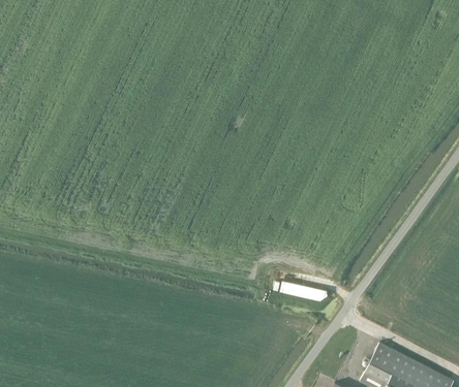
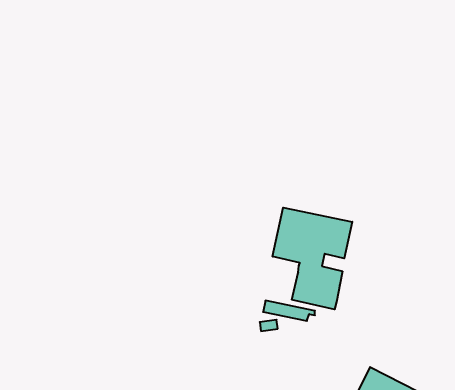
building: none -> [273,208,352,309]

